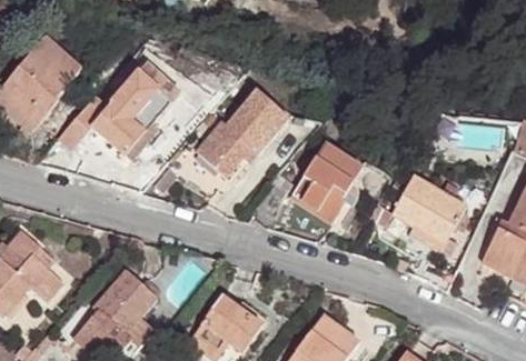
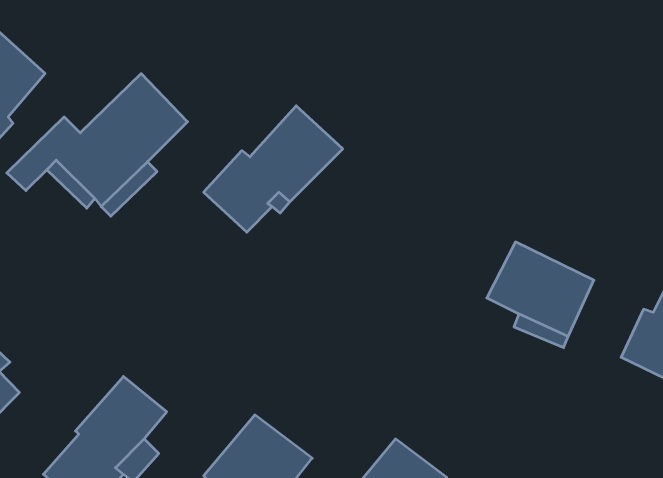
building: [292,139,365,220] -> none

